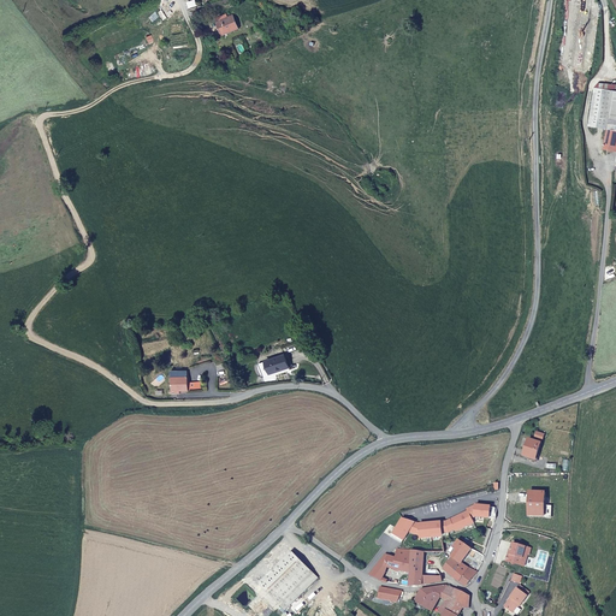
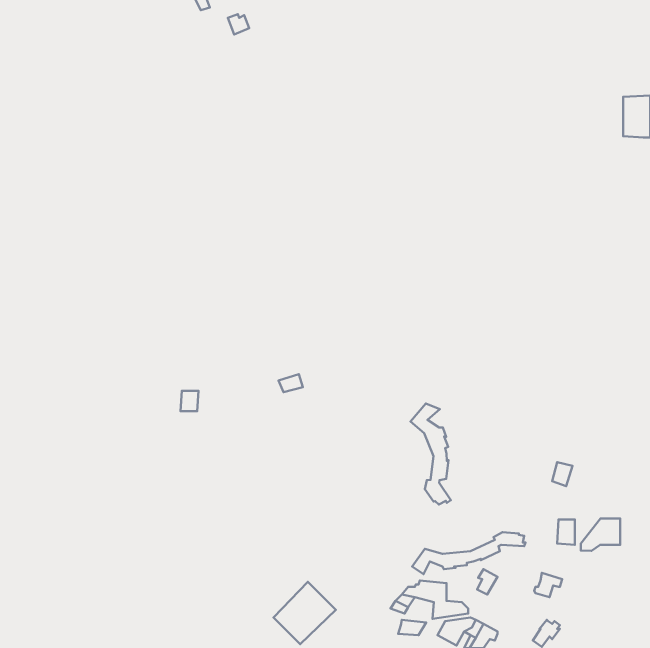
building: none -> [410,404,451,505]
building: none -> [581,519,620,551]
building: [443,546,476,585] -> none

